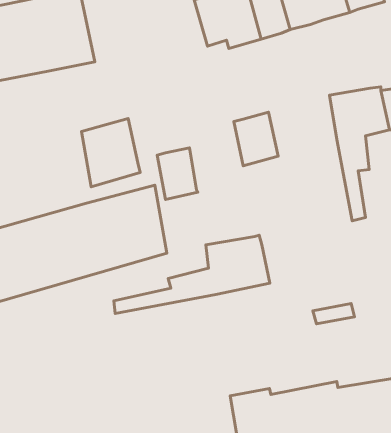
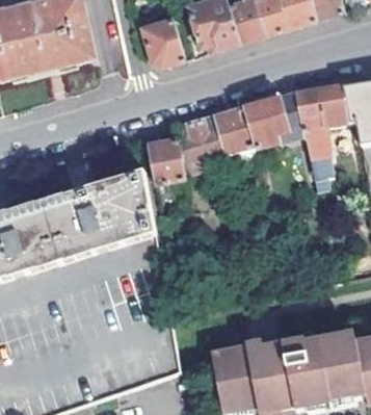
building: none -> [134,19,185,67]
building: none -> [244,92,303,149]
building: [82,118,140,187] -> [174,114,224,174]
building: [114,235,270,314] -> none

